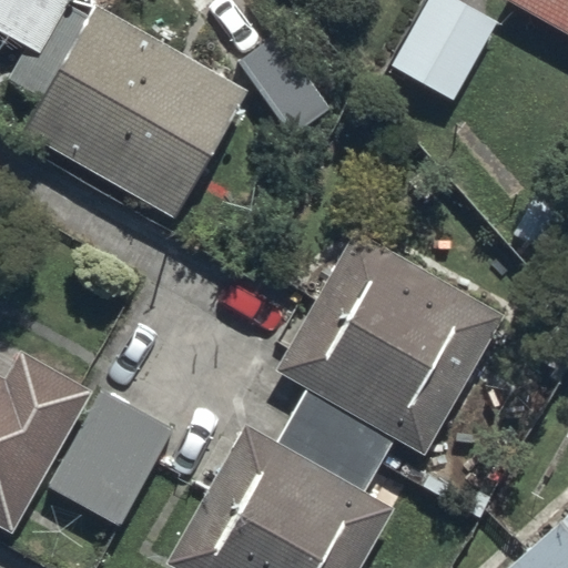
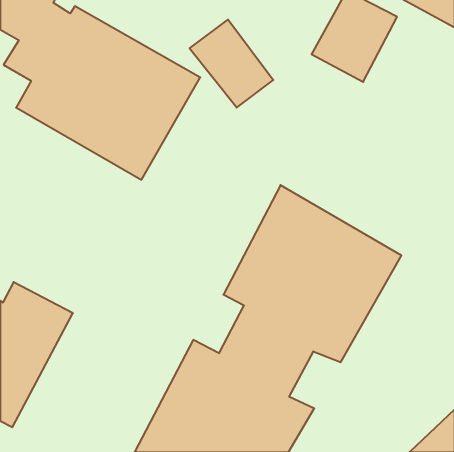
building: [47,389,172,526] -> none

